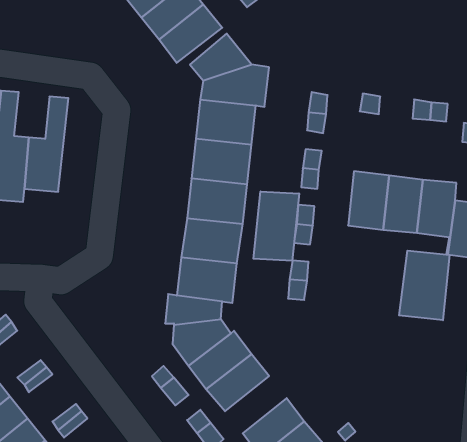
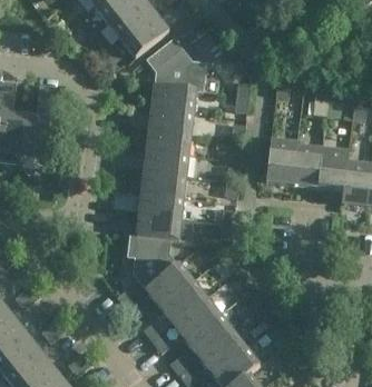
building: [253,191,299,261] -> none
building: [399,251,450,320] -> none
building: none -> [173,296,219,339]

